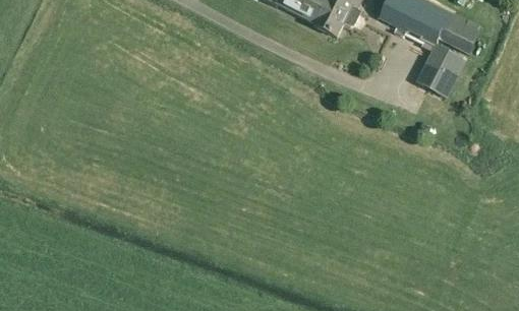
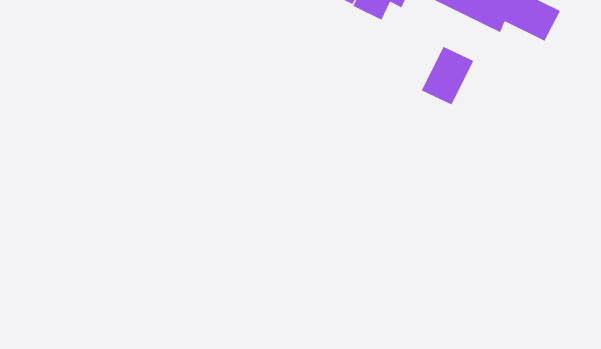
building: [417,46,461,95] -> [421,46,474,105]

